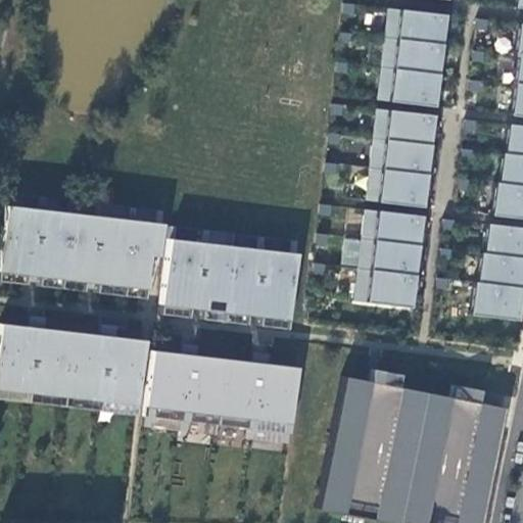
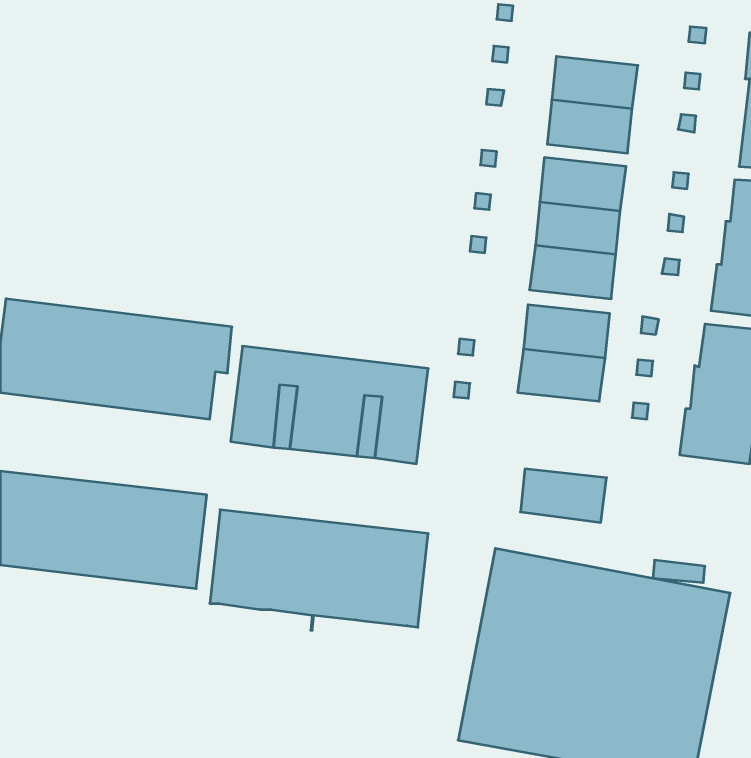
building: [388,9,447,46] -> none
building: [359,271,418,307] -> [520,469,607,522]

